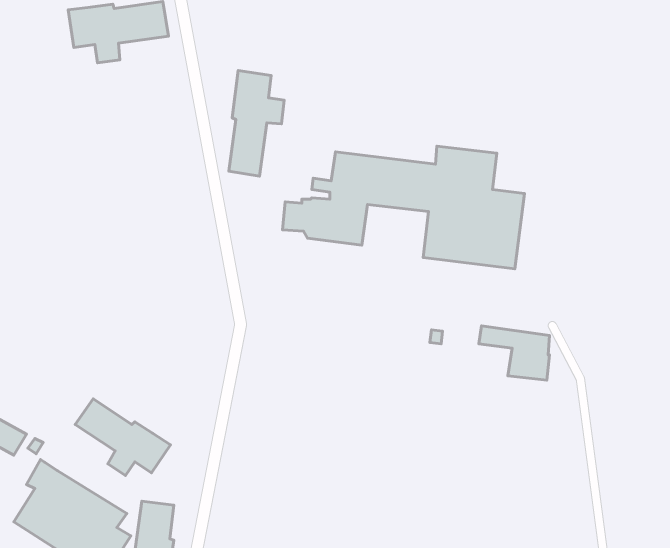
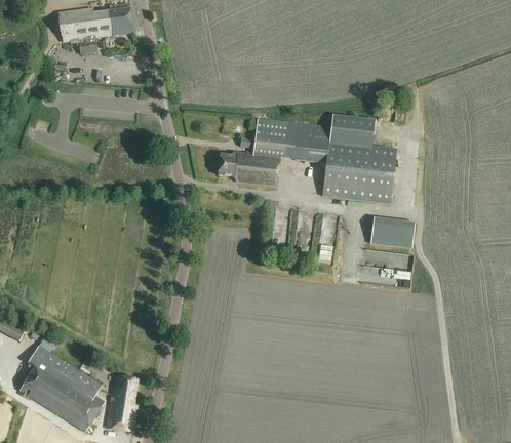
building: [229,71,284,176] -> none
building: none -> [369,215,415,247]
building: [75,399,171,475] -> none

